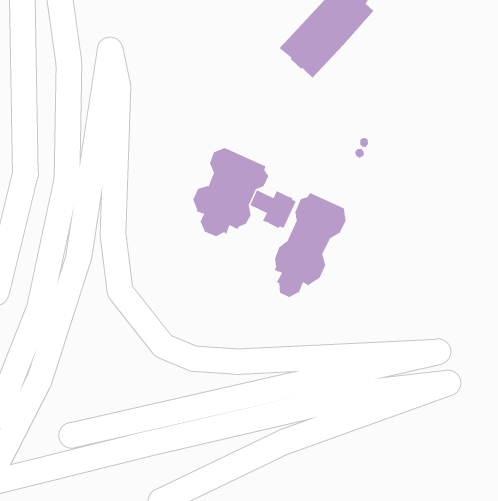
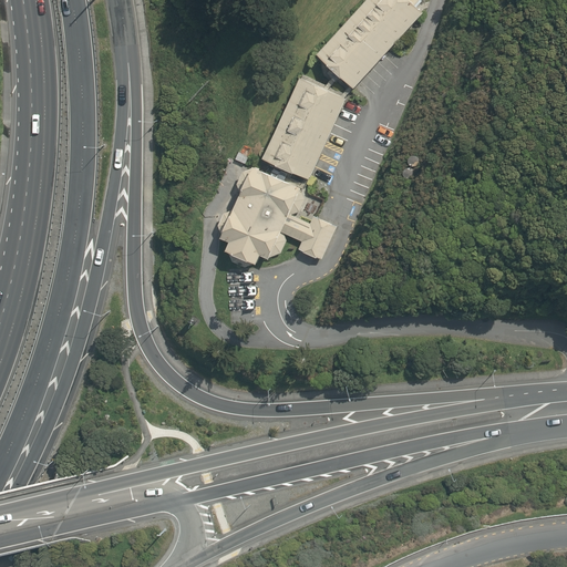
building: none -> [262,78,344,178]
building: [274,192,346,298] -> none

